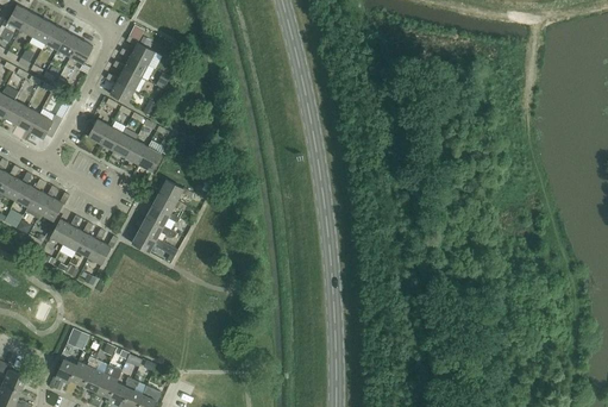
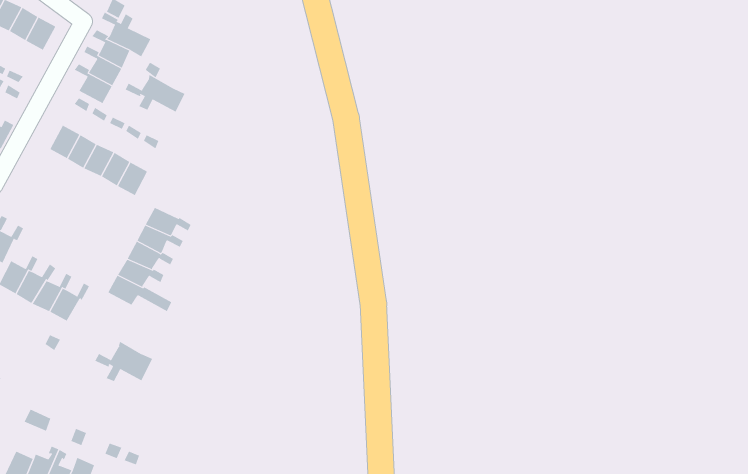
building: none -> [125,74,185,113]
building: none -> [94,341,153,382]

